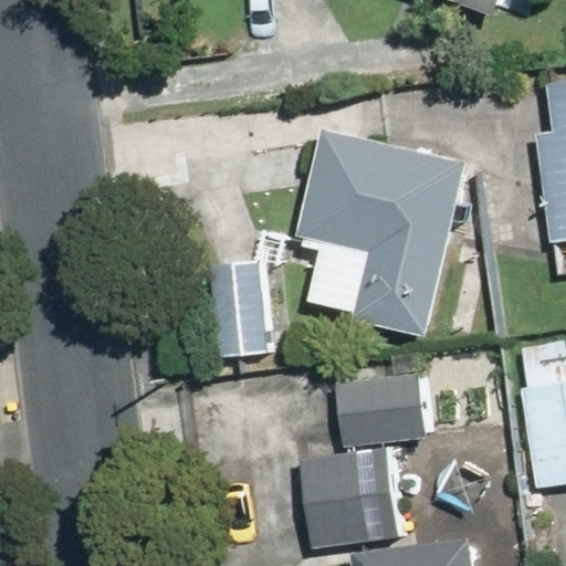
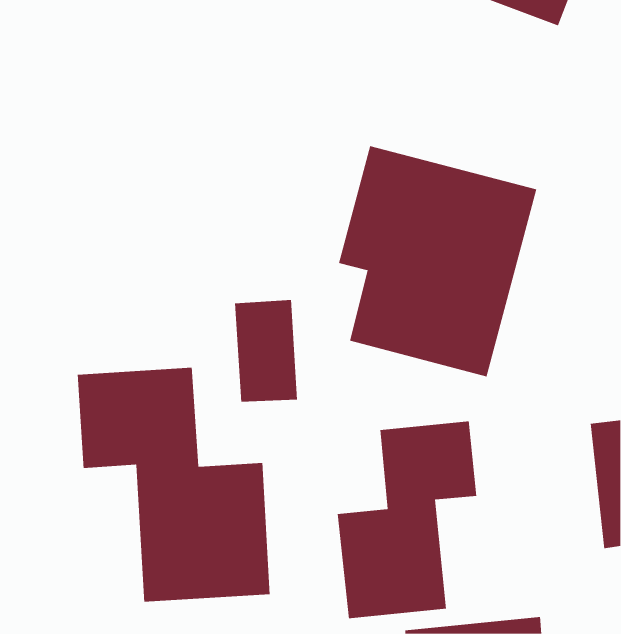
building: none -> [77,367,270,602]

